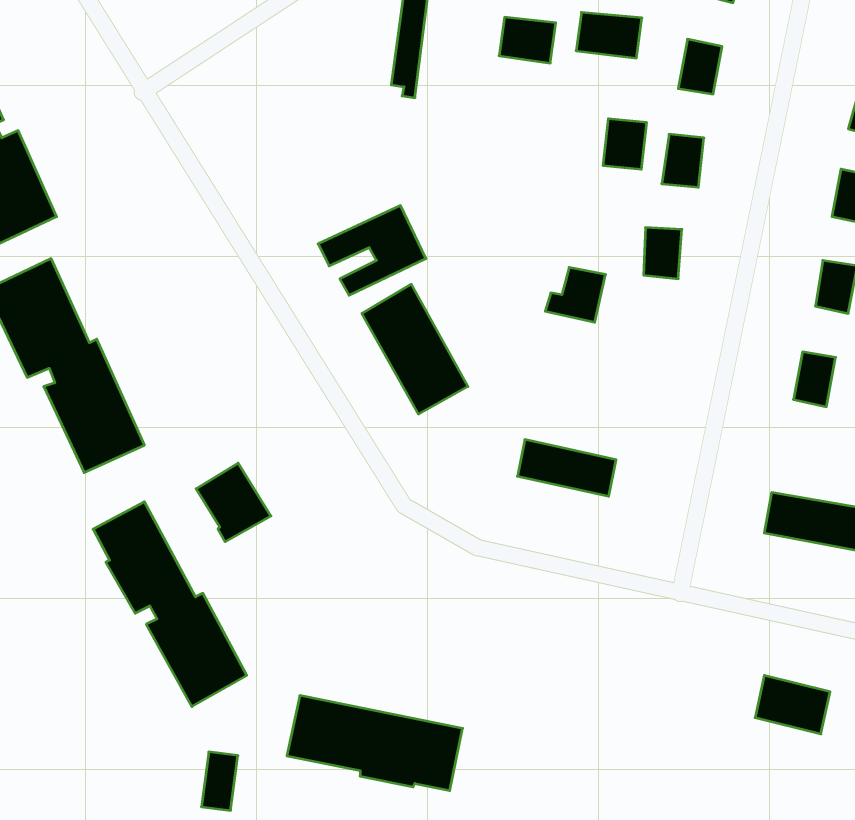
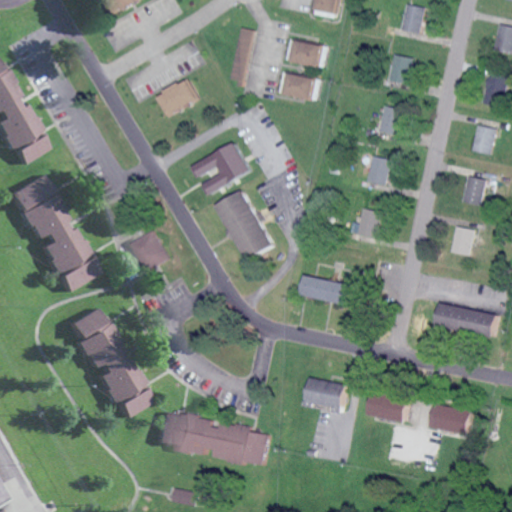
building: [576,12,642,58] -> [278,74,314,99]
building: none -> [157,80,198,116]
building: [603,119,646,169] -> none
building: [545,267,606,322] -> [350,207,383,237]
building: [196,463,271,542] -> [126,229,167,272]
building: none -> [304,376,346,411]
building: none -> [367,391,408,420]
building: [201,752,238,810] -> [157,412,177,444]

